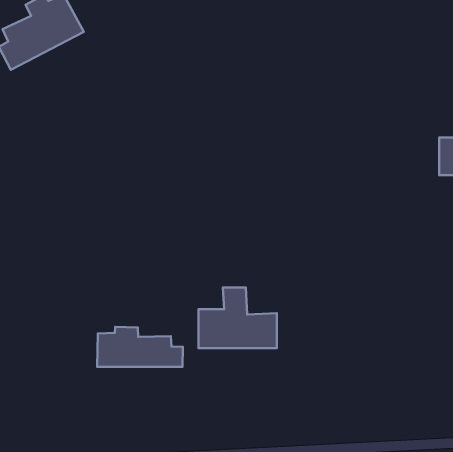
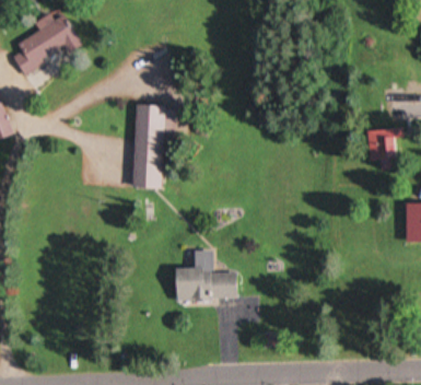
building: none -> [131,104,176,188]
building: [97,327,183,367] -> none

